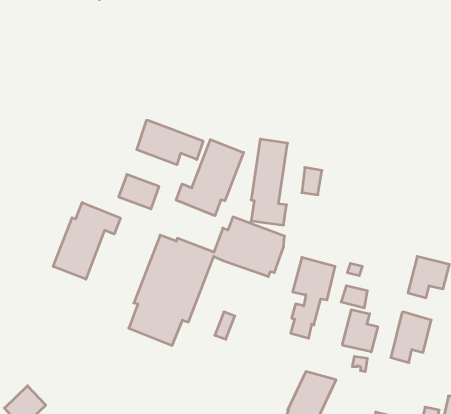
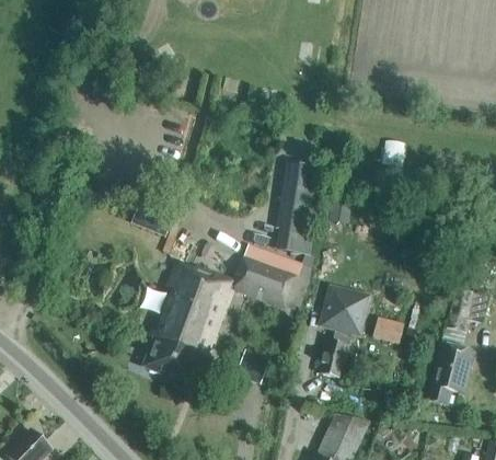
building: [137,120,203,165] -> none
building: [176,140,244,216] -> none
building: [53,202,120,279] -> none
building: [343,310,378,352] -> none

